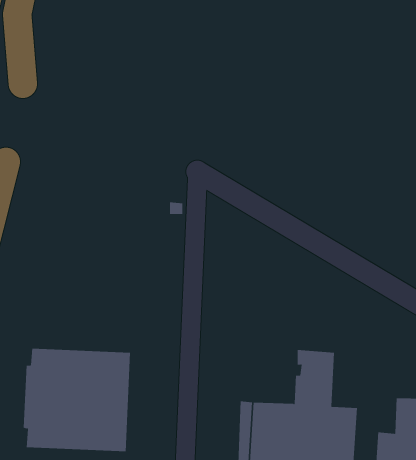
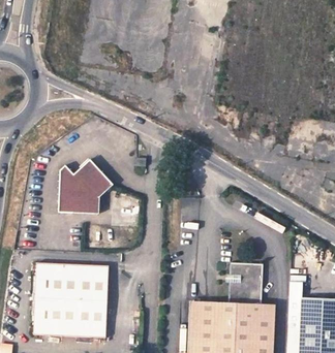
building: none -> [59,159,114,213]

